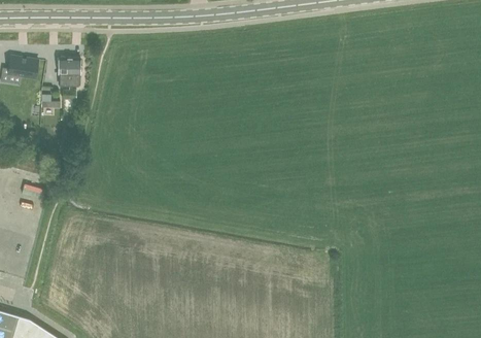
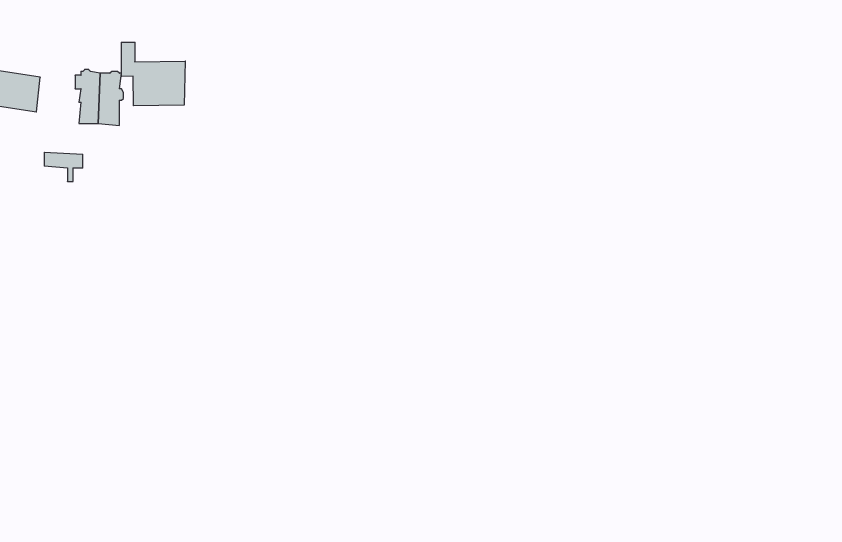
building: none -> [121,42,185,106]

